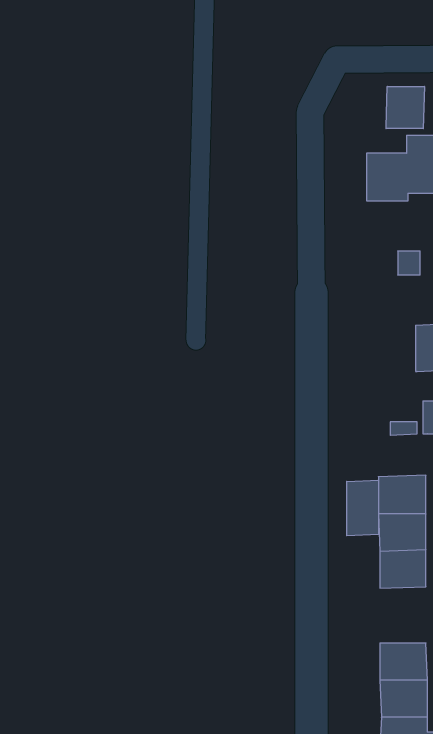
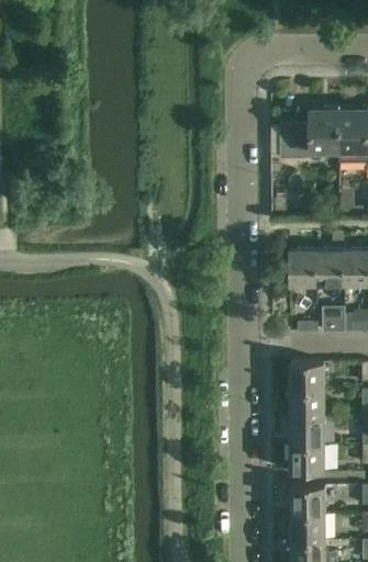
building: [386,86,424,129] -> none
building: none -> [289,250,316,284]
building: [347,480,378,536] -> none
building: none -> [290,443,324,472]

